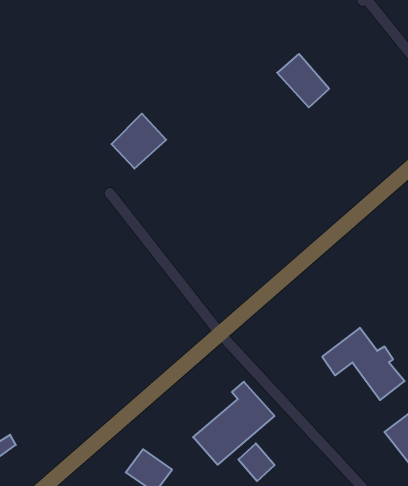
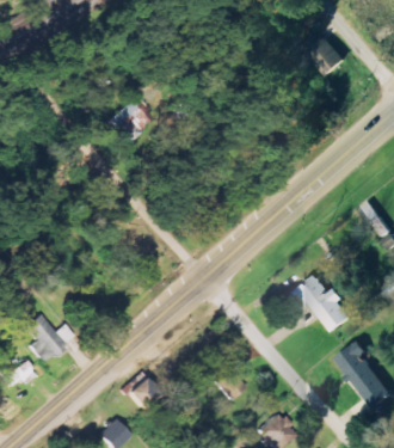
building: [277,54,329,107] -> [301,32,344,76]
building: none -> [23,315,73,363]
building: [193,382,274,465] -> none

